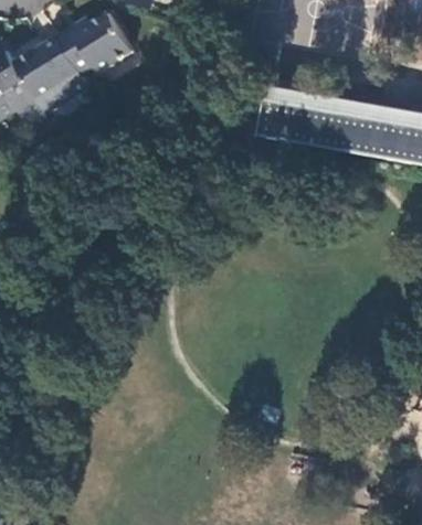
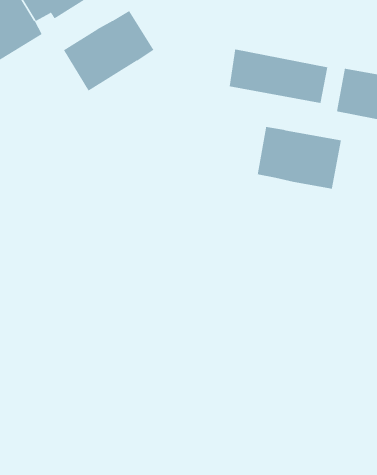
building: none -> [63,10,154,91]
building: none -> [257,126,342,190]

